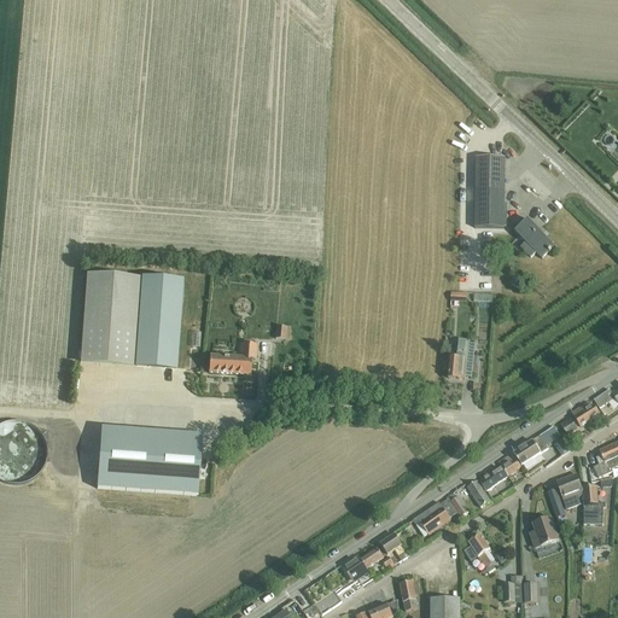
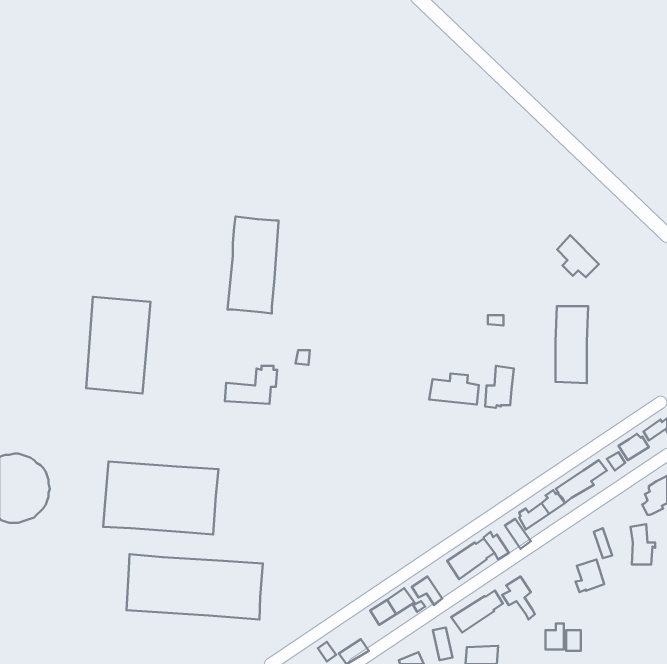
building: [474,156,505,227] -> [555,306,588,383]
building: [134,276,181,366] -> [227,217,278,313]
building: none -> [429,373,479,405]
building: [556,472,583,508] -> none
building: none -> [126,554,263,620]
building: none -> [451,590,503,633]

